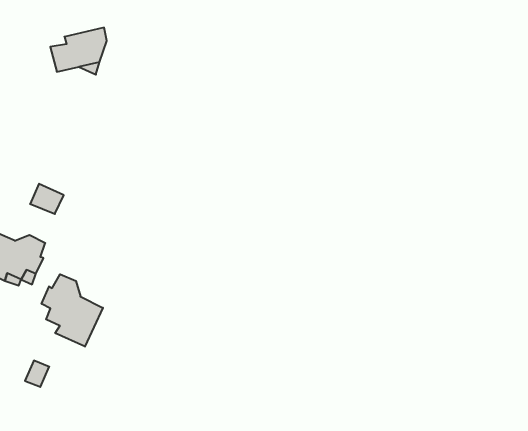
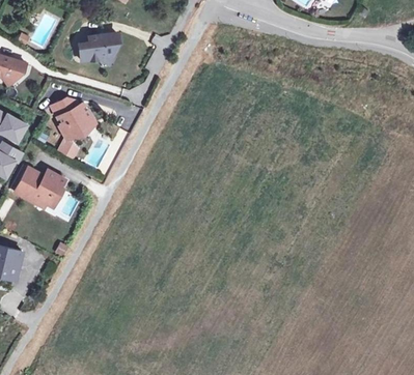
building: none -> [51,97,91,136]
building: [42,274,103,347] -> none

